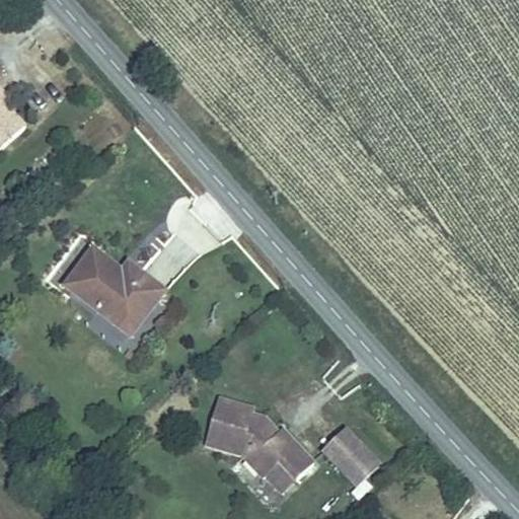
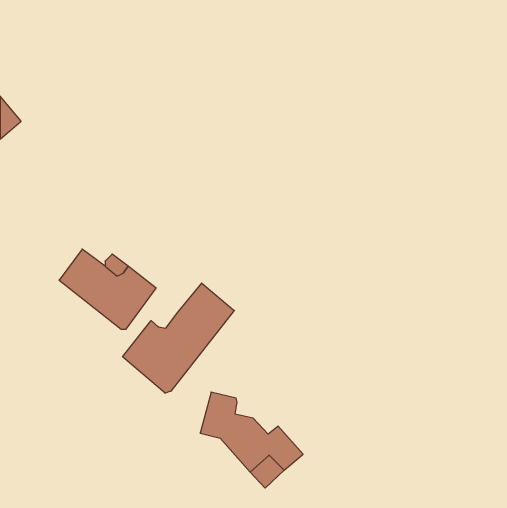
building: none -> [123,283,234,393]
building: [325,424,388,487] -> none

